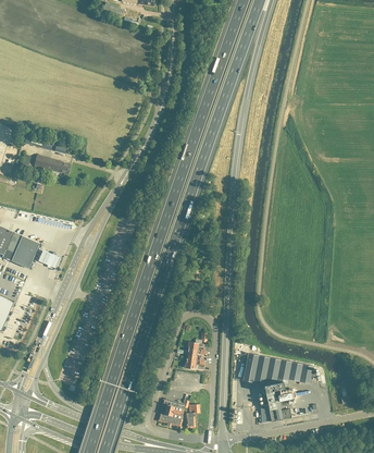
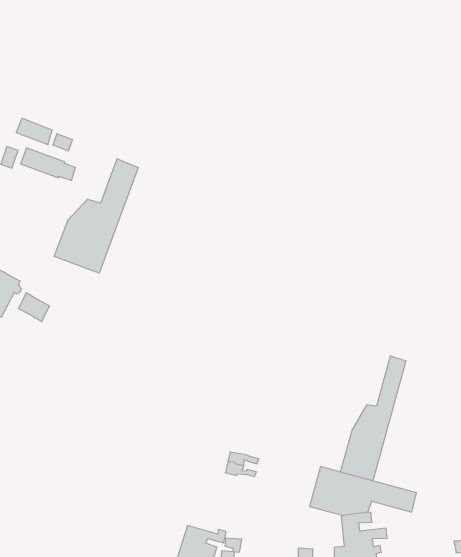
building: none -> [54,159,138,273]
building: none -> [340,356,406,481]

